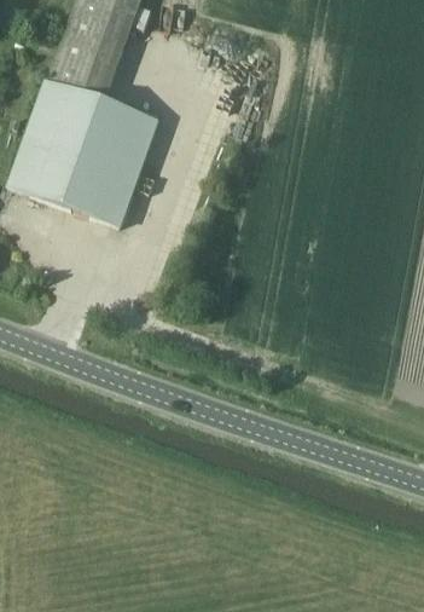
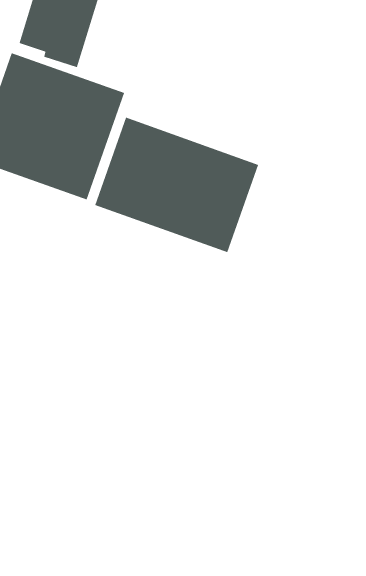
building: none -> [94,117,259,253]

